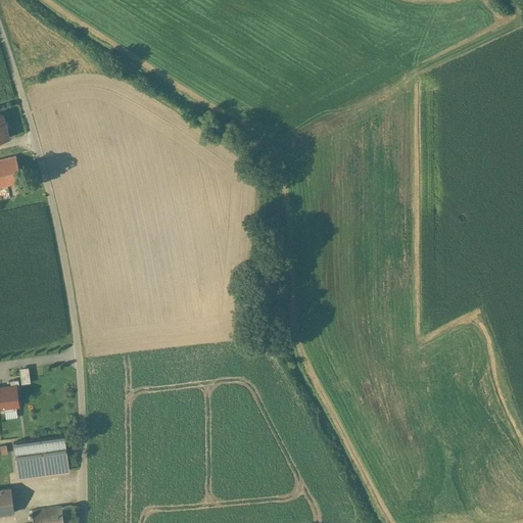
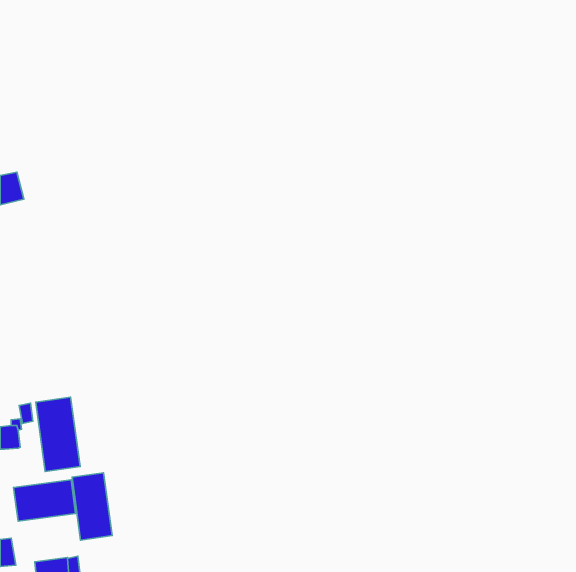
building: none -> [36,397,80,471]
building: none -> [72,473,112,540]

